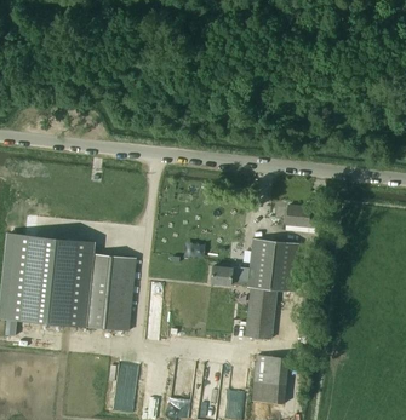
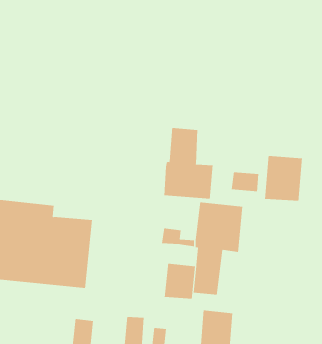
building: none -> [164,127,213,200]
building: none -> [265,155,302,201]
building: none -> [164,263,195,299]

